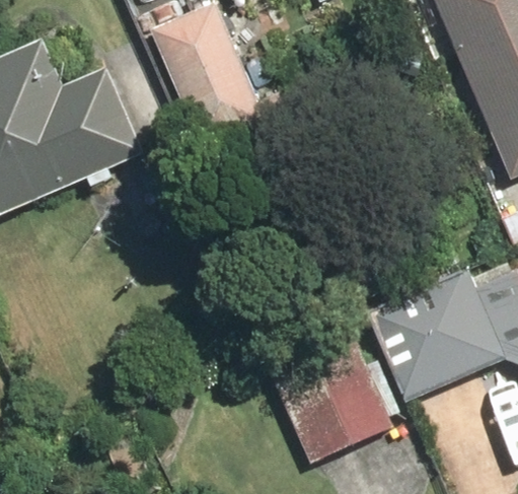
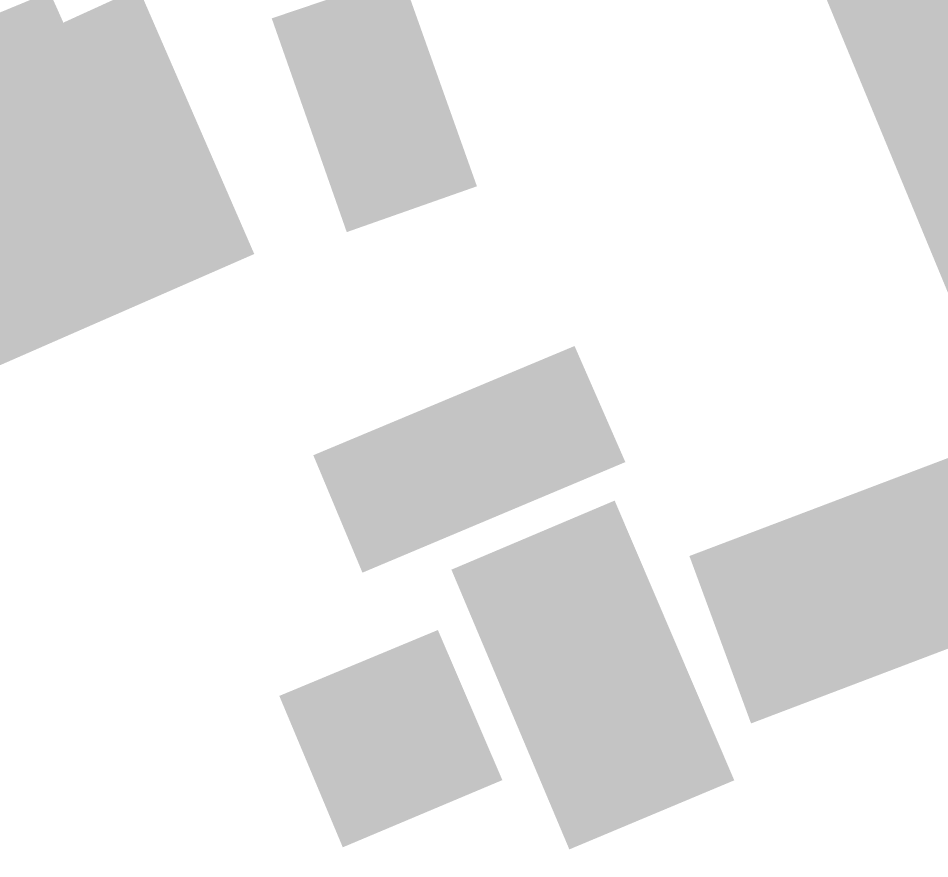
building: none -> [313,345,626,573]
building: none -> [278,629,503,848]

